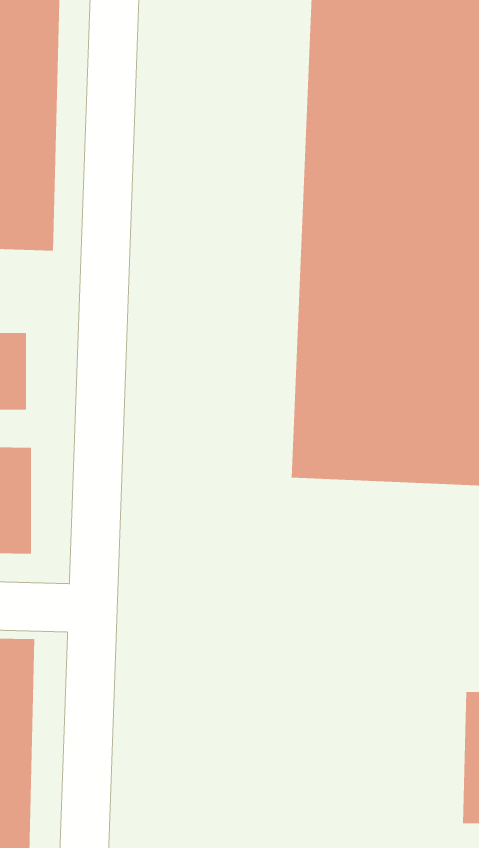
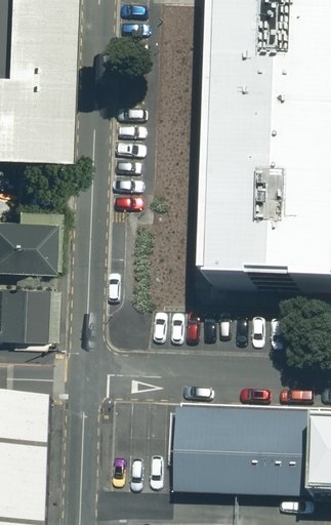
building: none -> [167,416,309,500]

